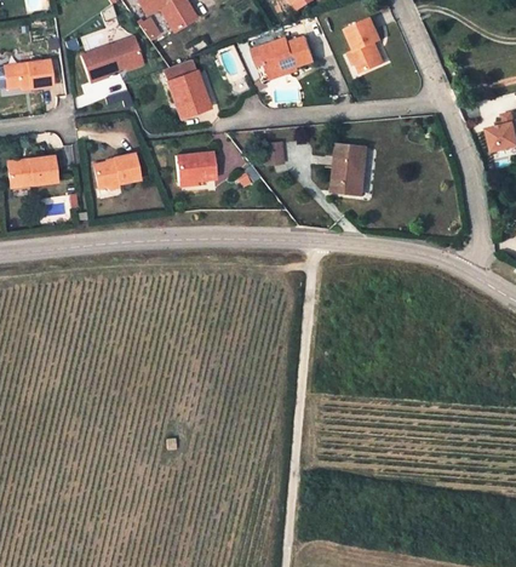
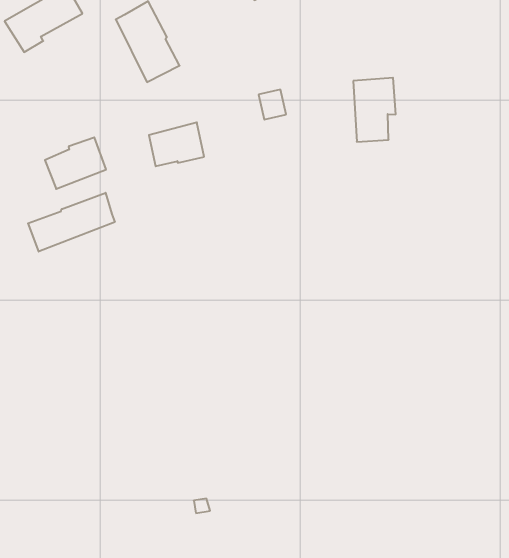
building: none -> [28,193,115,252]

